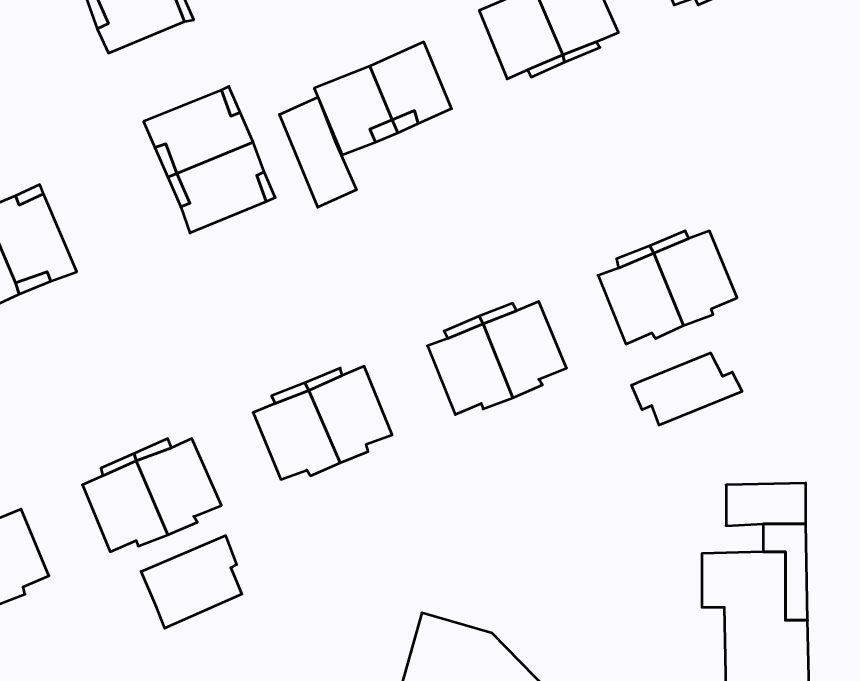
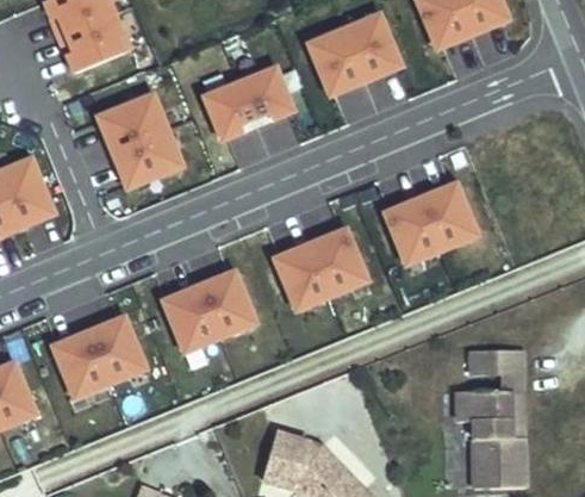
building: [279,97,356,207] -> none
building: [632,353,742,425] -> none
building: [141,536,242,628] -> none

